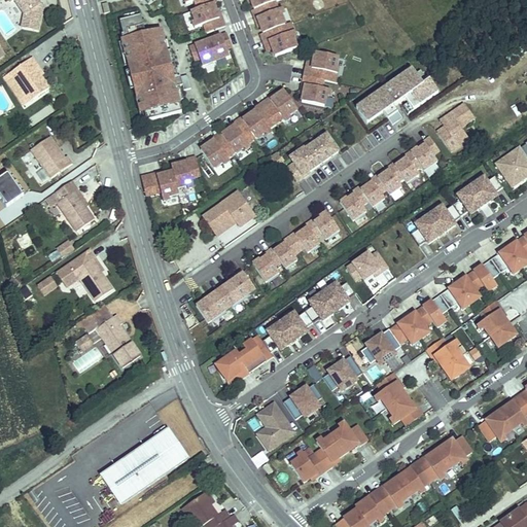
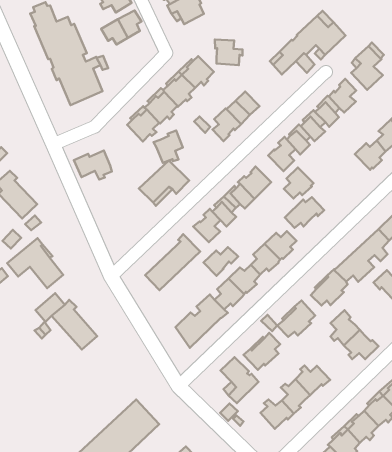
building: [304,50,339,80] -> none
building: [171,155,200,186] -> [154,131,183,163]
building: [411,213,442,244] -> [284,168,313,198]
building: none -> [203,247,238,276]

